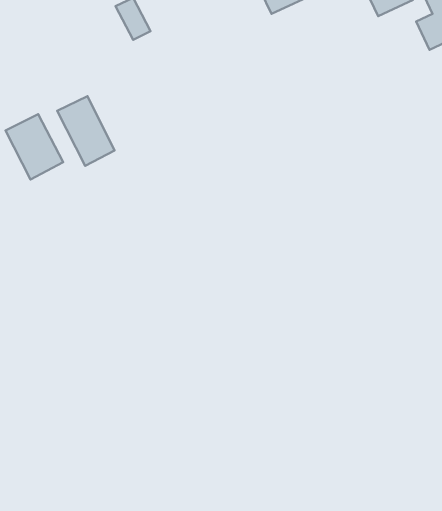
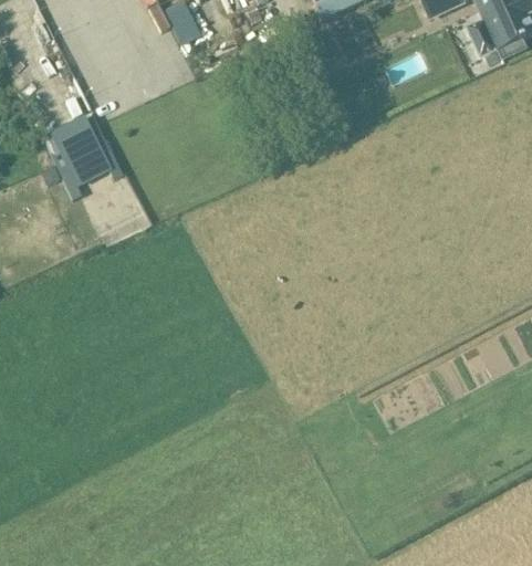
building: [57,96,115,166] -> none

